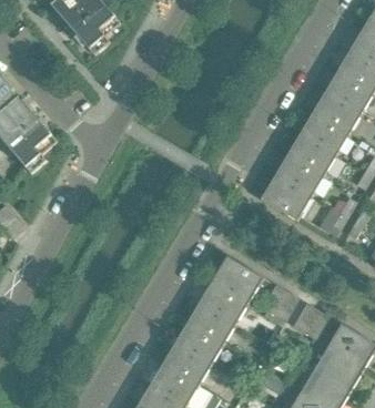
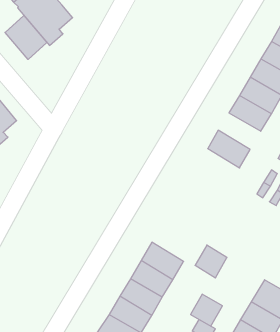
building: none -> [5,15,47,59]
building: [287,132,336,174] -> none
building: [260,173,312,221] -> none
building: [211,255,263,303] -> none
building: [292,303,328,339] -> [191,294,222,326]

